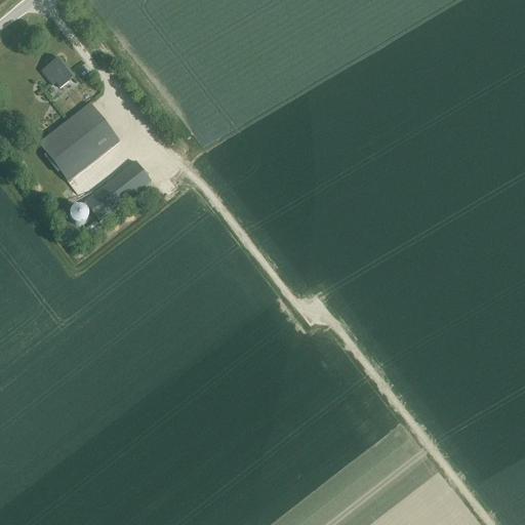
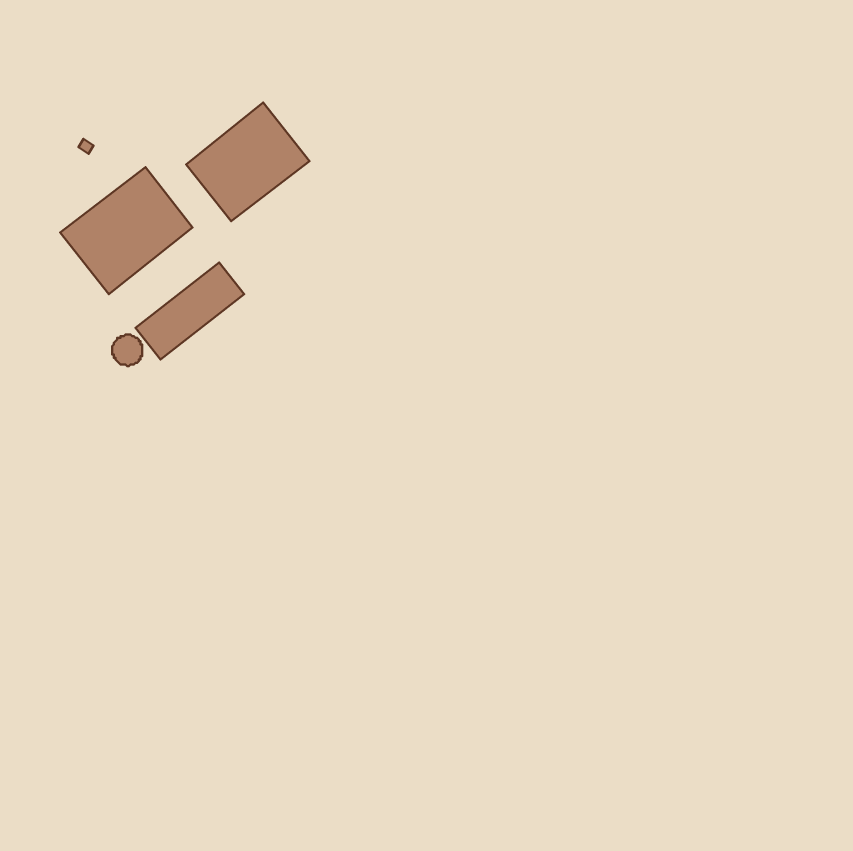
building: [45,56,75,87] -> none
building: none -> [186,102,309,221]

